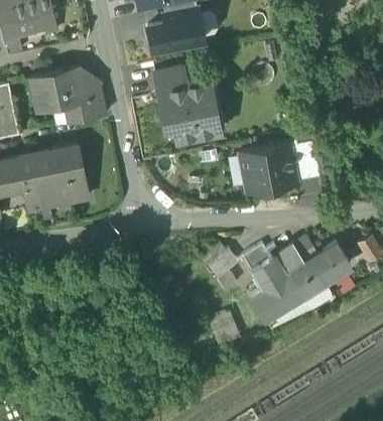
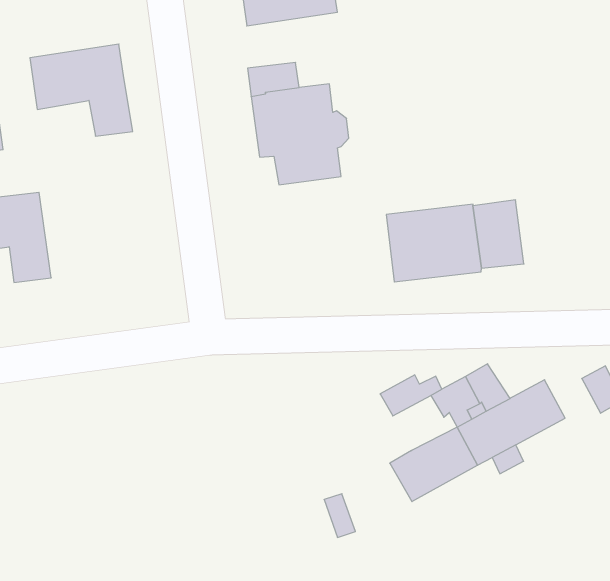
building: [85,84,107,118] -> none
building: [40,149,84,204] -> none
building: [208,251,238,293] -> none
building: [251,258,288,290] -> none

